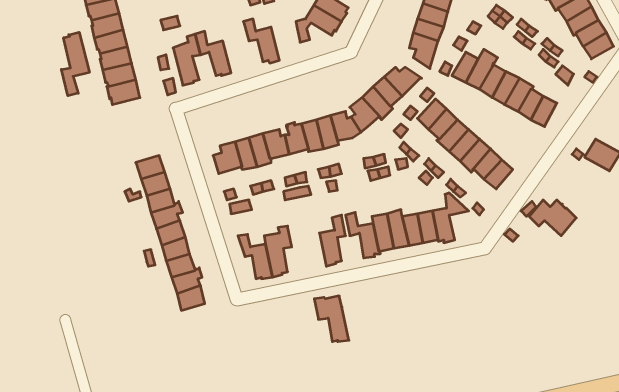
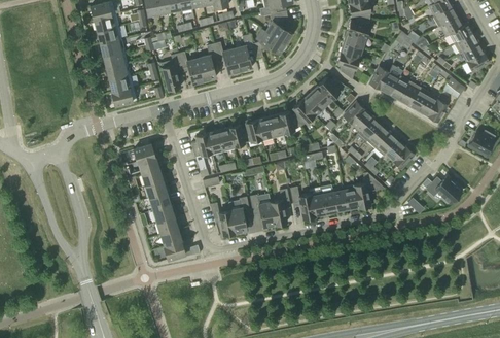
building: none -> [234,33,253,72]
building: none -> [198,43,217,81]
building: [61,32,89,96] -> none
building: [314,296,349,342] -> [249,193,275,227]

